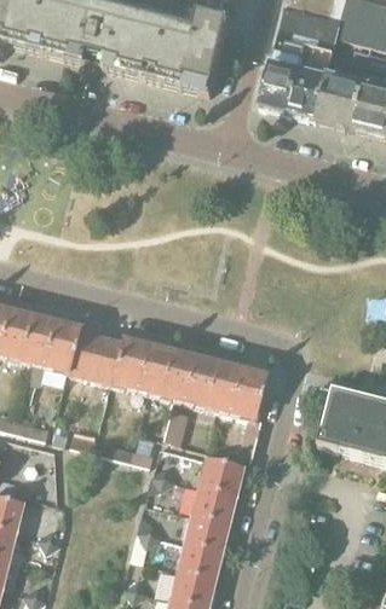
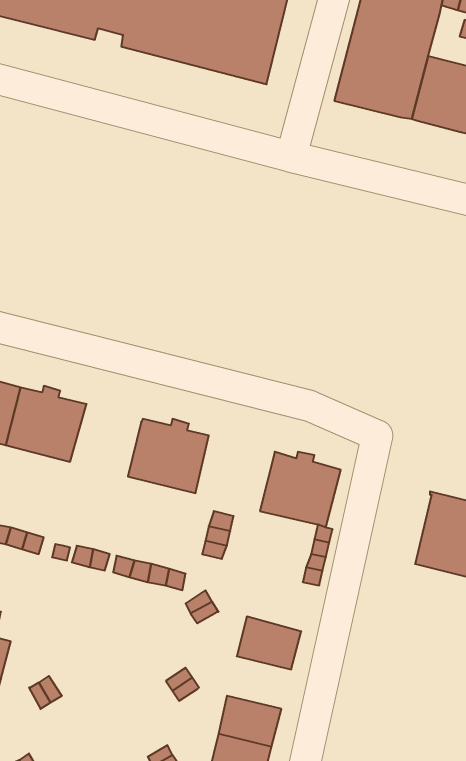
building: [68,330,120,379] -> none
building: [160,349,218,405] -> none
building: [197,454,244,493] -> none
building: [183,511,230,550] -> none

